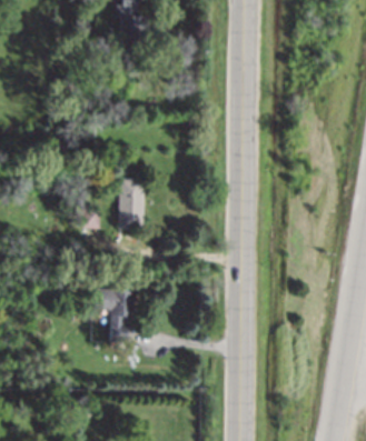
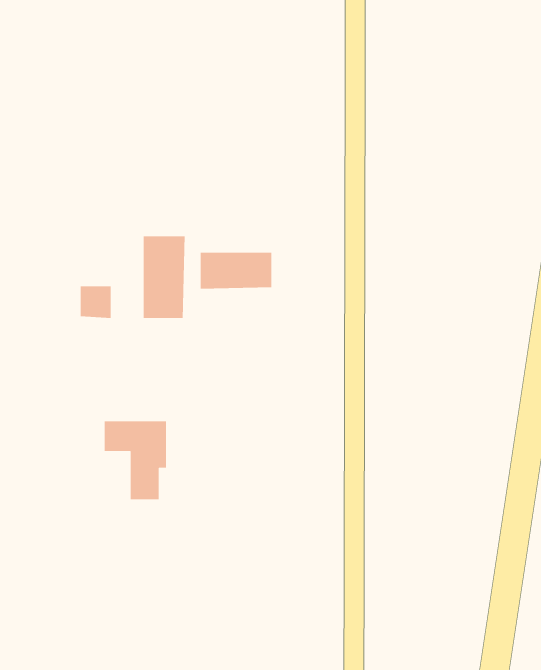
building: none -> [200,252,272,289]

